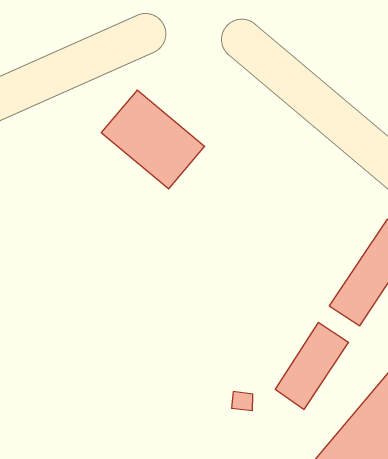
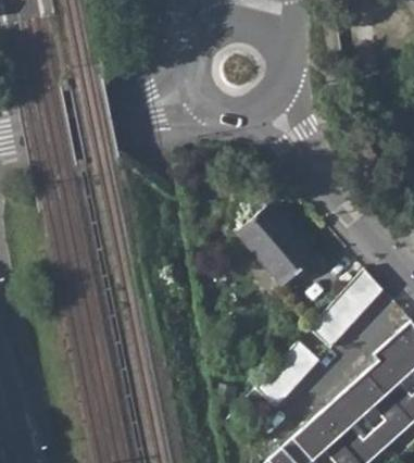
building: [101,90,205,189] -> [237,203,317,286]

